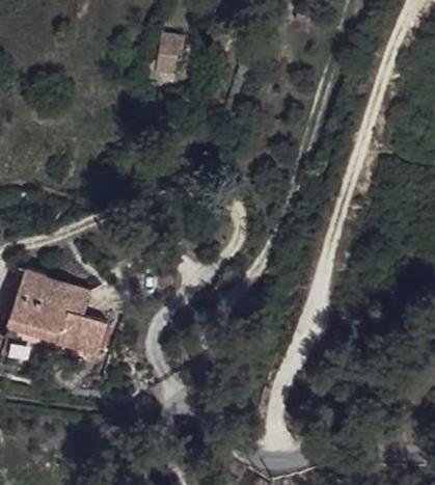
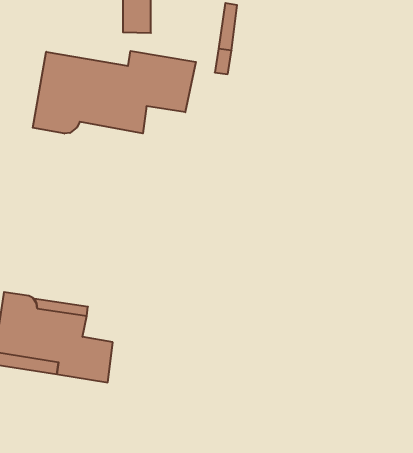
building: none -> [33,51,196,134]

